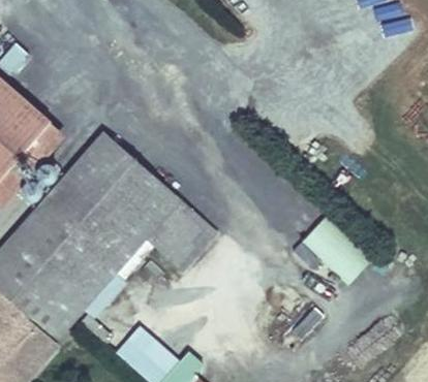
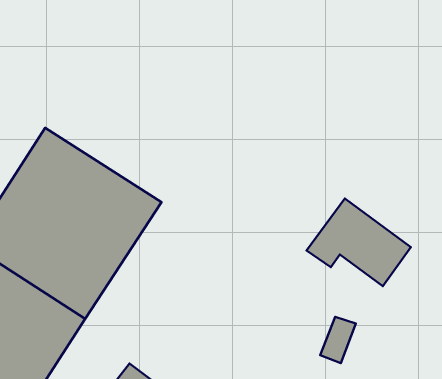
building: [149,198,221,270] -> none

